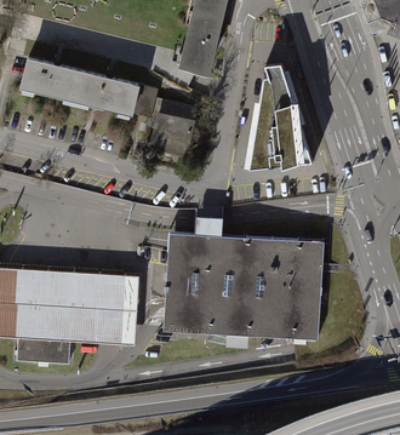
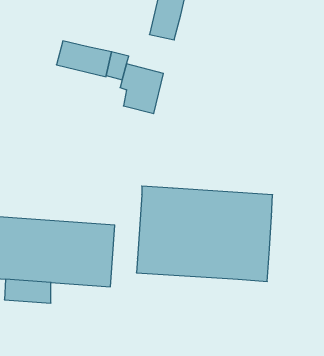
building: [21,58,82,98] -> none
building: [250,65,314,168] -> none

